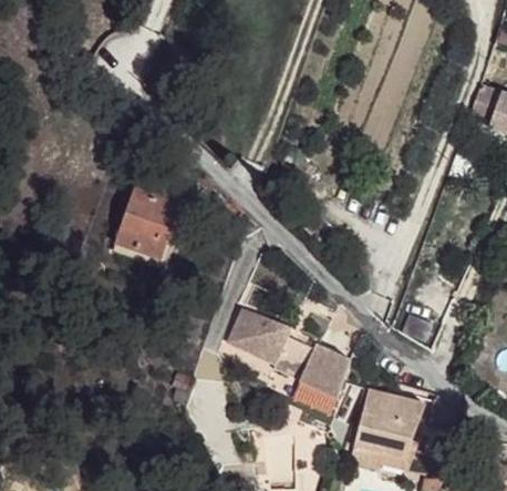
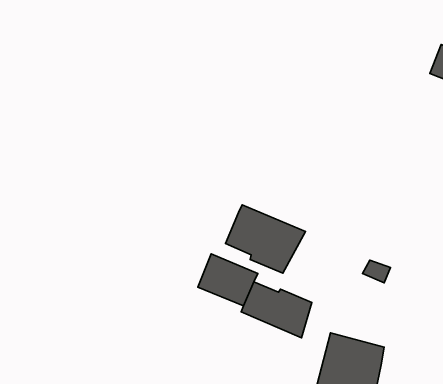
building: [114,183,180,264] -> none
building: none -> [225,205,305,273]

